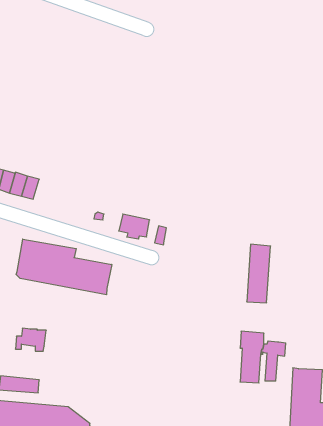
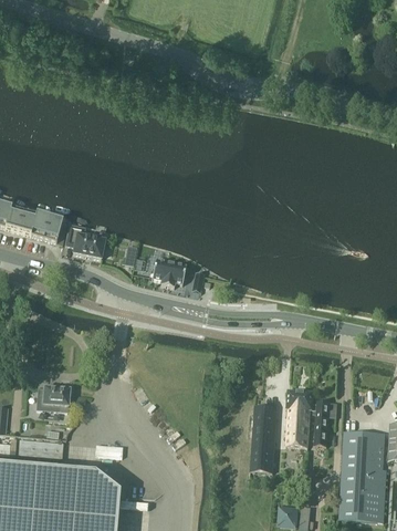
building: none -> [66,225,105,258]
building: [16,239,112,295] -> none
building: [247,244,271,303] -> [250,405,276,470]

